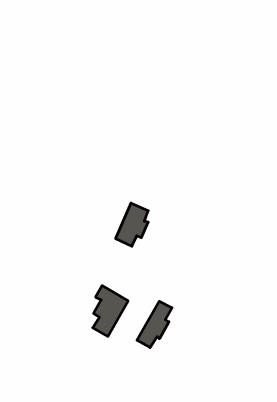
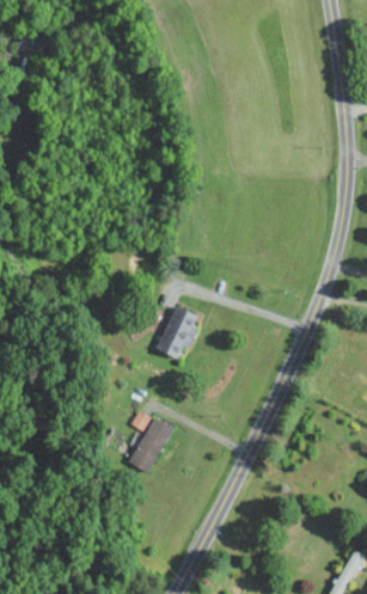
building: [137,301,172,348] -> none

